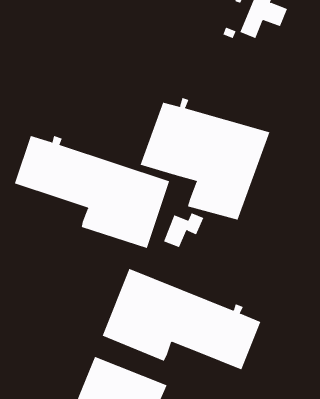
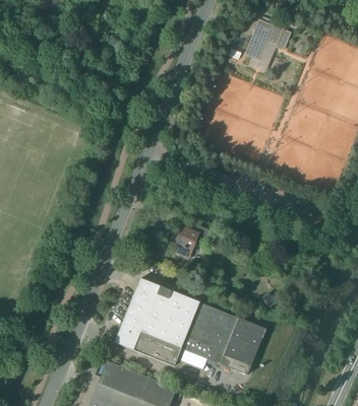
building: [140,97,270,221] -> none
building: [14,135,170,249] -> none

